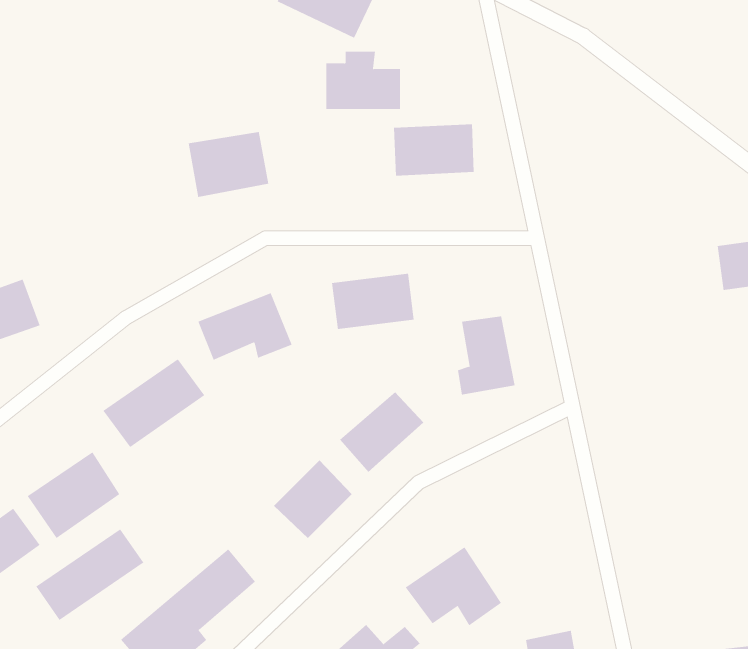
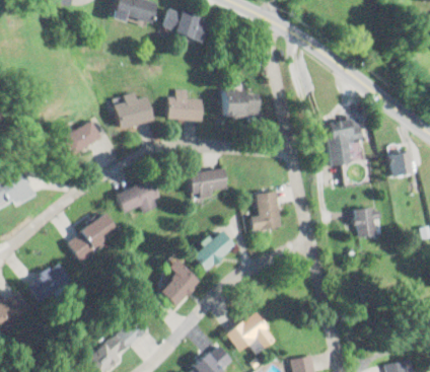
building: [325,51,401,109] -> [166,89,206,120]
building: none -> [326,116,366,164]
building: none -> [59,120,98,155]
building: none -> [356,207,381,235]
building: [36,529,144,621] -> none

